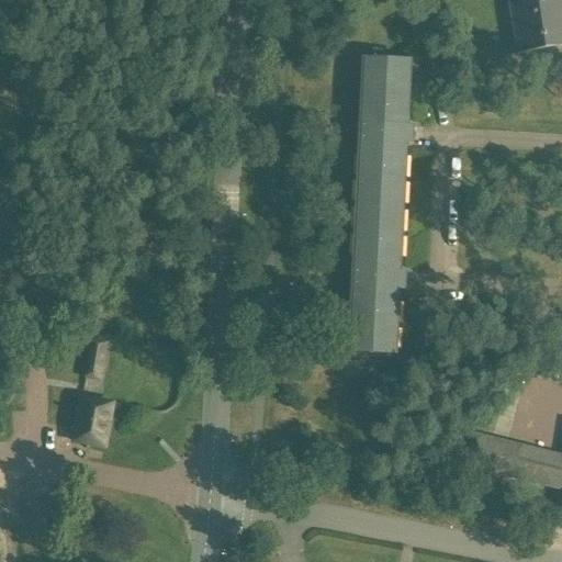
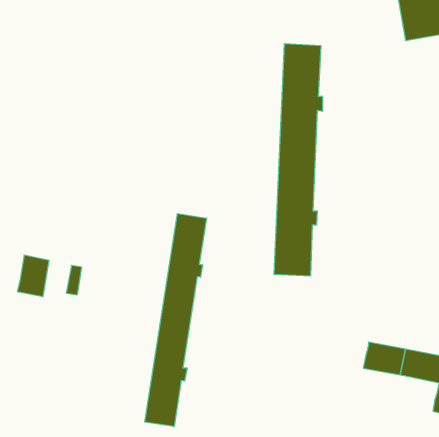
building: none -> [145,214,207,427]
building: [74,393,114,446] -> [17,255,49,297]

